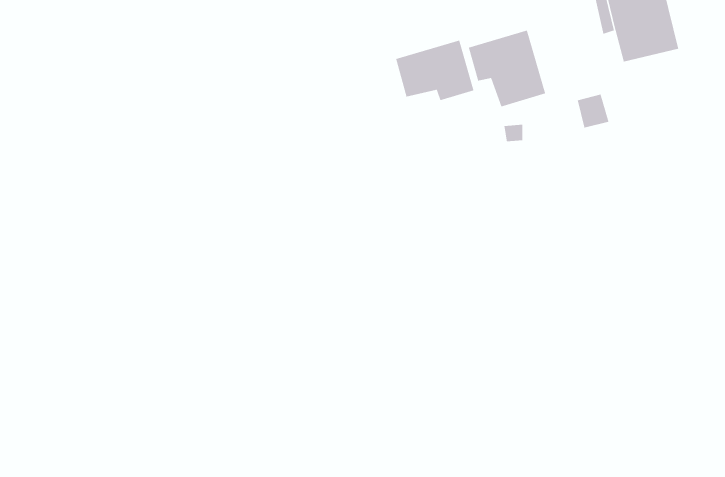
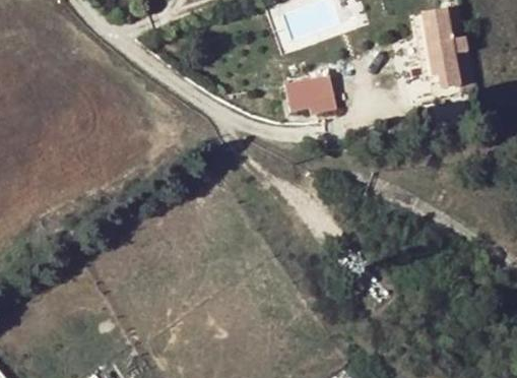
building: [468,30,546,108] -> none

